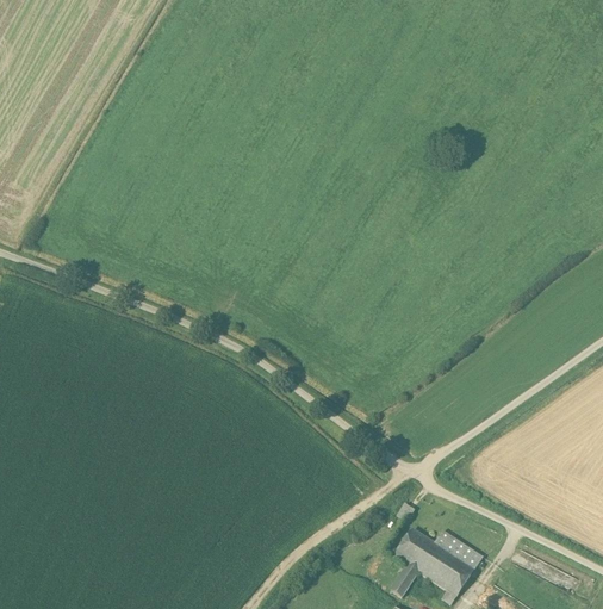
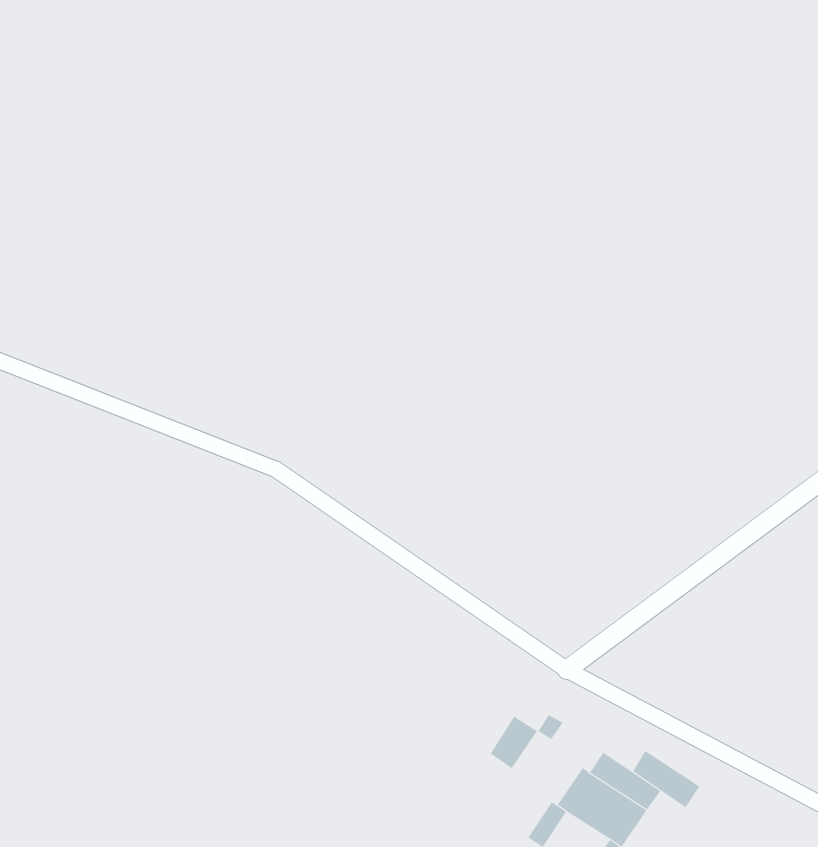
building: none -> [632,750,700,808]
building: [394,529,428,566] -> [490,716,538,769]

